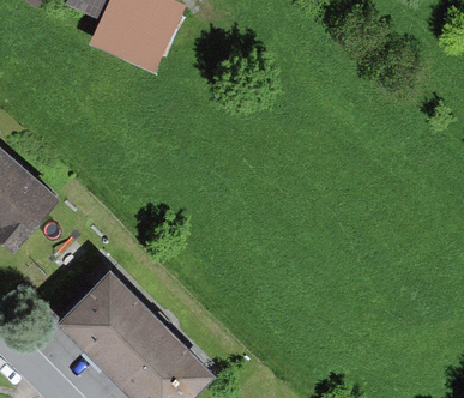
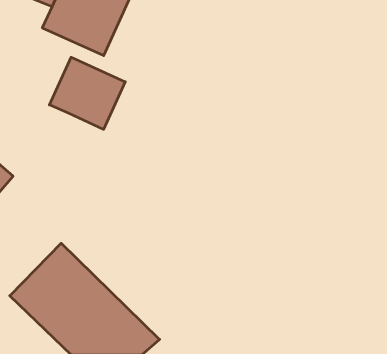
building: none -> [49,57,125,129]

